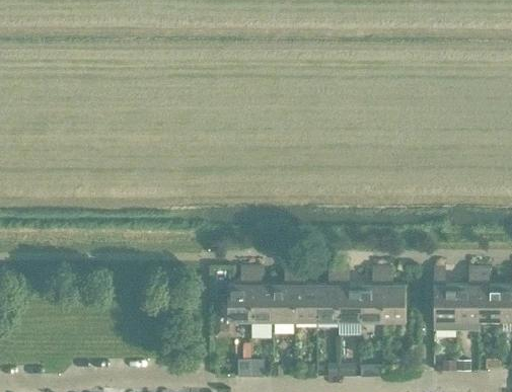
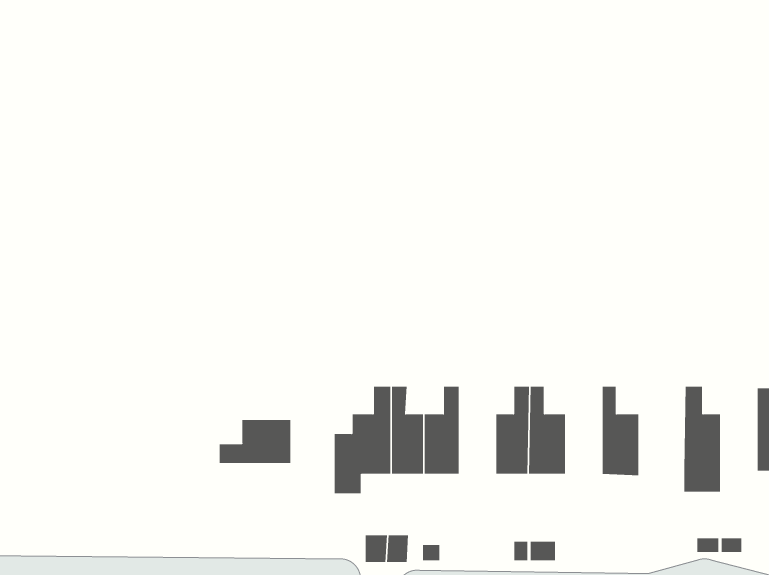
building: [294,267,316,322] -> none
building: [360,267,382,322] -> none
building: [456,268,479,333] -> none
building: none -> [219,419,291,464]

